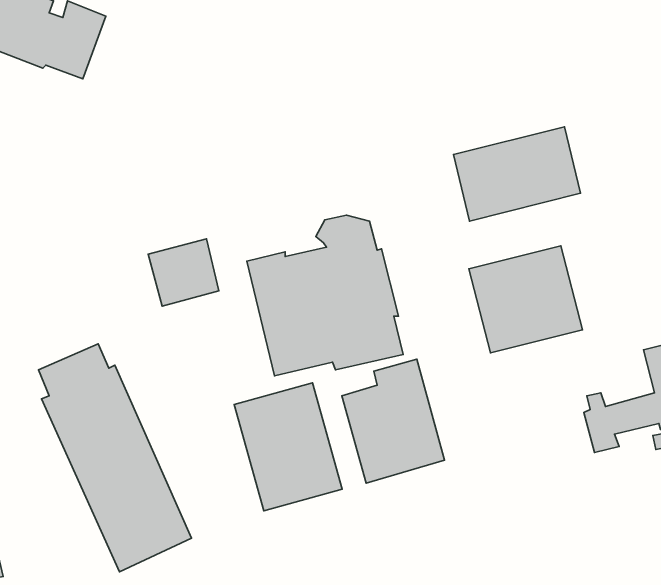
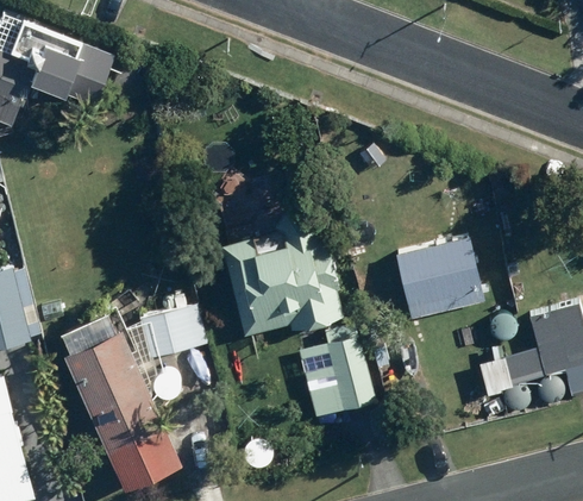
building: [453,127,581,221] -> none
building: [148,239,219,306] -> [142,307,196,359]
building: [234,383,342,511] -> none

